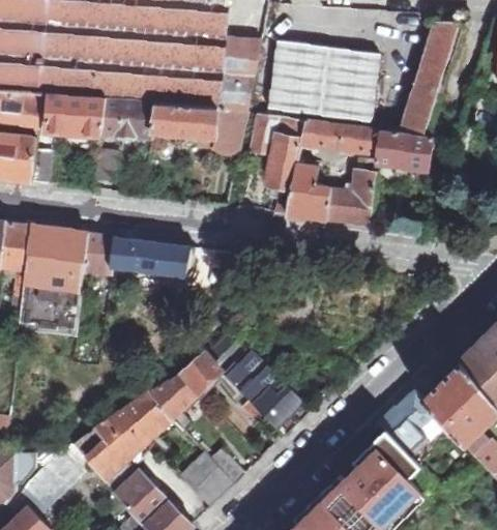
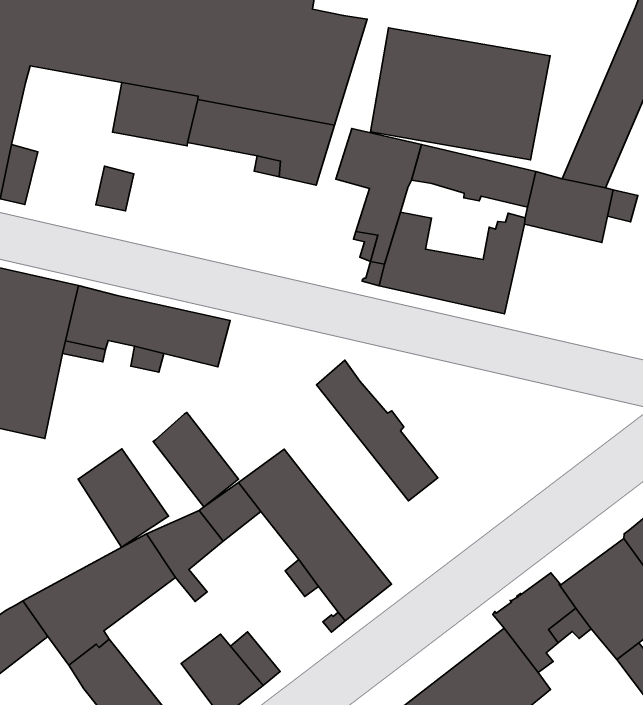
building: [40,92,104,138] -> none
building: none -> [316,360,438,501]
building: none -> [153,412,239,507]
building: none -> [78,449,169,547]

